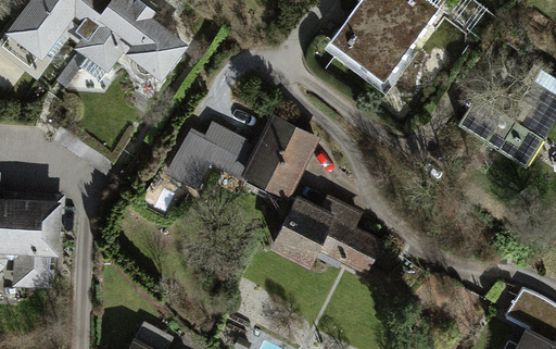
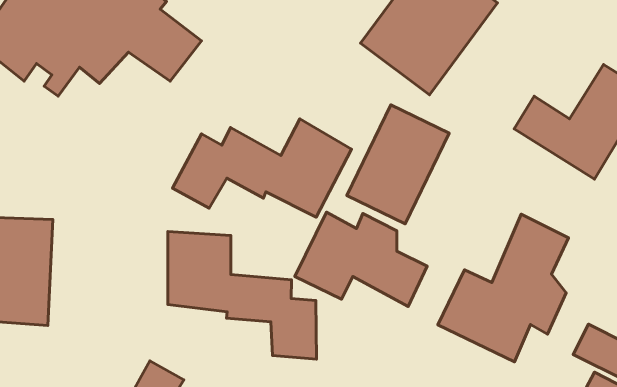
building: none -> [347,105,449,224]
building: none -> [438,214,569,362]
building: none -> [168,231,317,359]

